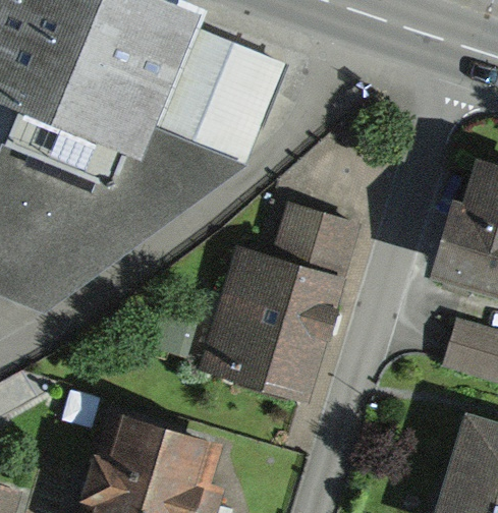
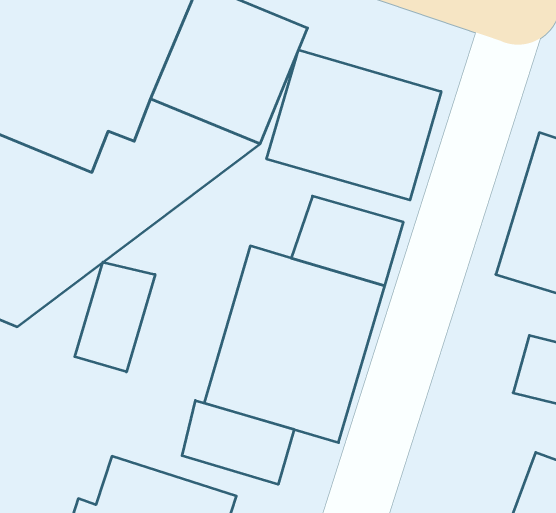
building: none -> [267,50,441,200]
building: none -> [75,262,155,372]
building: none -> [182,400,294,484]

